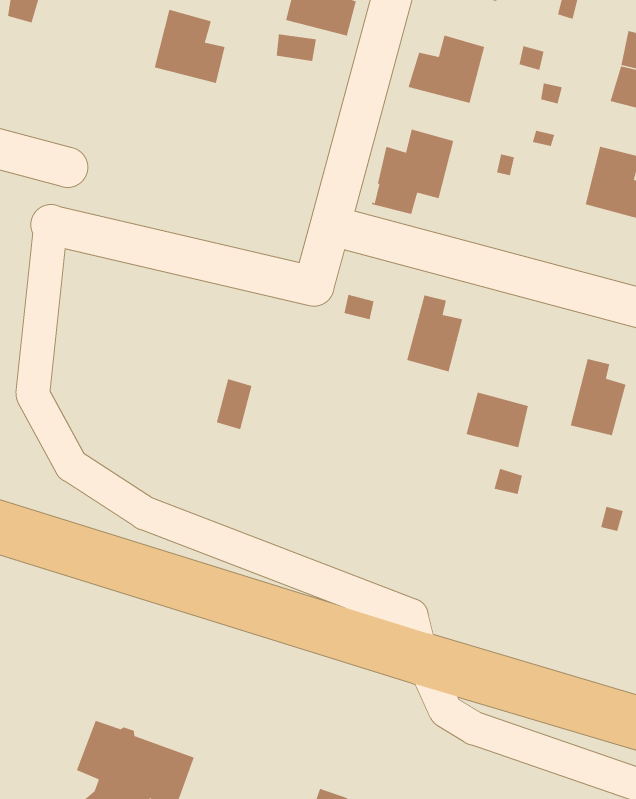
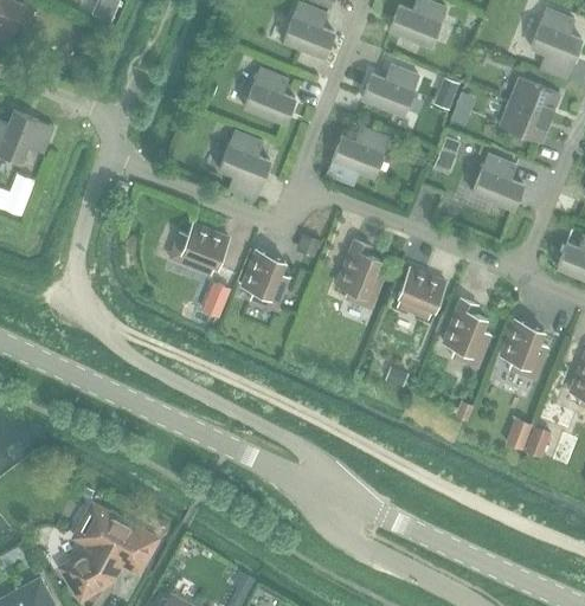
building: [154,9,225,84] -> [244,67,295,123]
building: none -> [219,130,270,200]
building: none -> [181,224,227,266]
building: none -> [242,251,288,299]
building: [465,391,529,448] -> [398,267,444,310]

